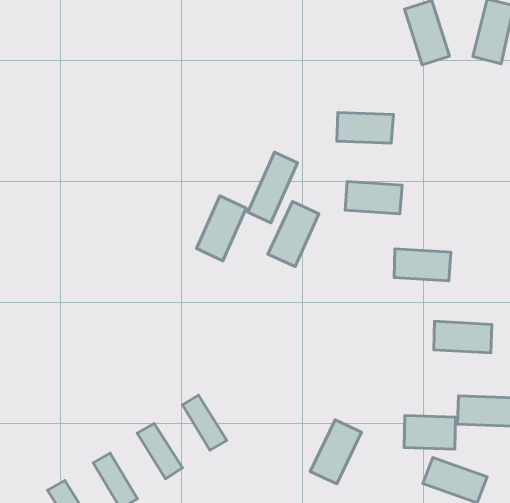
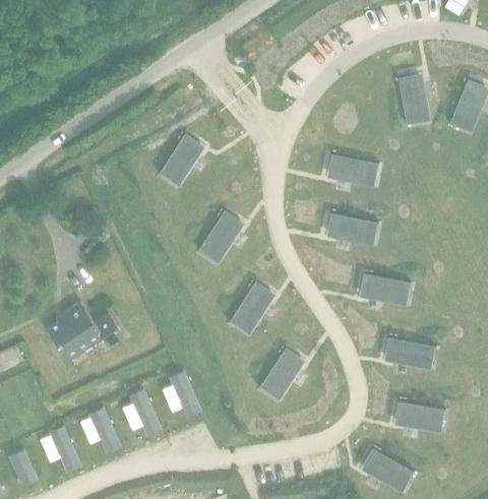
building: none -> [159,133,204,186]
building: [248,152,298,223] -> none
building: [268,201,319,266] -> [228,282,274,335]
building: none -> [48,299,123,354]
building: [404,415,455,449] -> none
building: [310,420,362,484] -> [258,349,305,401]

